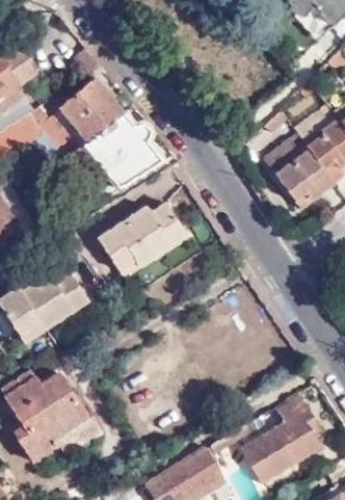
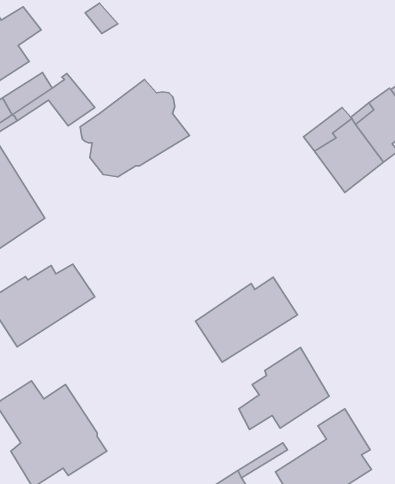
building: [58,74,129,141] -> none
building: [99,202,186,274] -> [195,277,297,362]
building: none -> [239,348,329,430]

